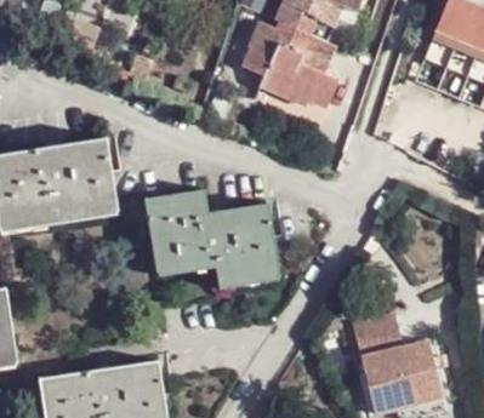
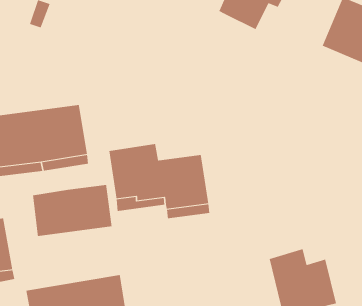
building: [256,21,348,108] -> none
building: none -> [32,184,112,237]

